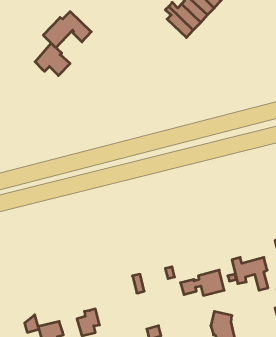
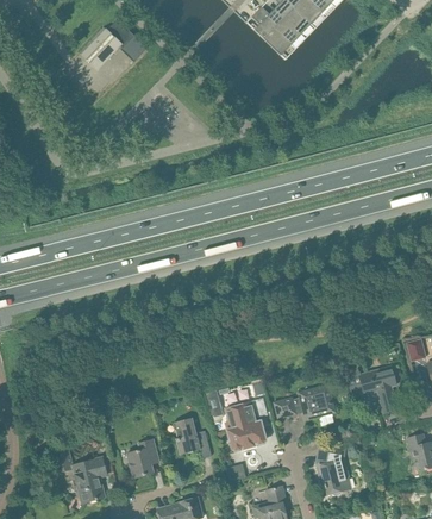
building: [35,43,70,76] -> none
building: none -> [224,398,267,449]
building: none -> [174,417,211,457]

